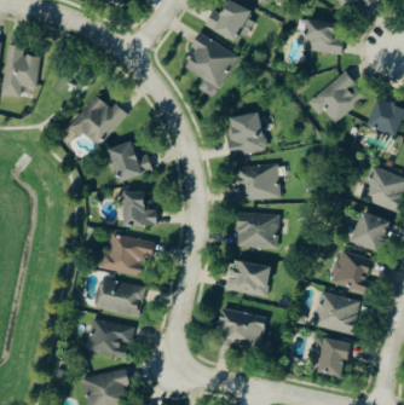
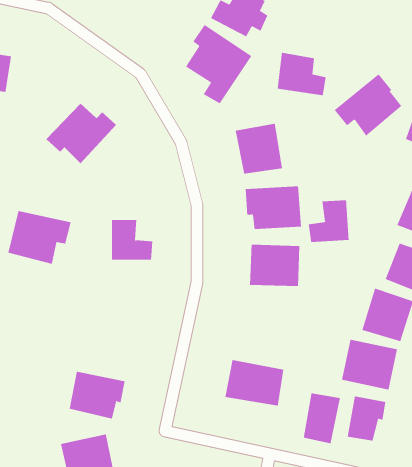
building: [302,18,344,54] -> [277,52,326,96]
building: [108,140,152,181] -> none
building: none -> [308,199,349,243]
building: [100,232,154,277] -> [8,211,72,265]
building: [226,260,271,296] -> none
building: [96,279,144,316] -> none
building: none -> [303,392,341,444]

